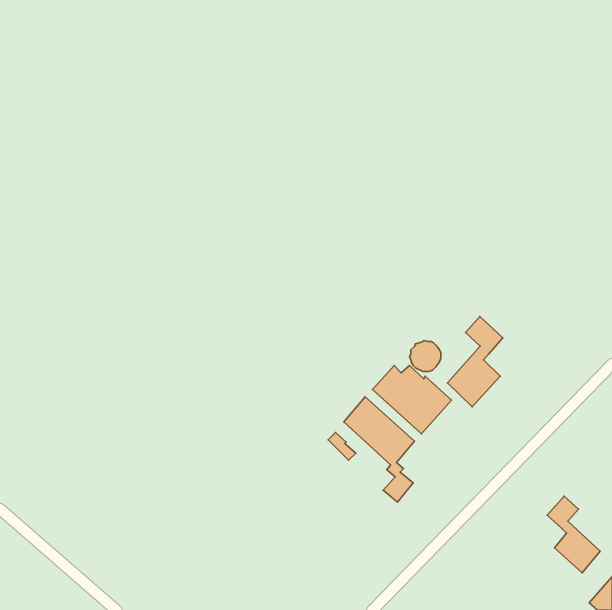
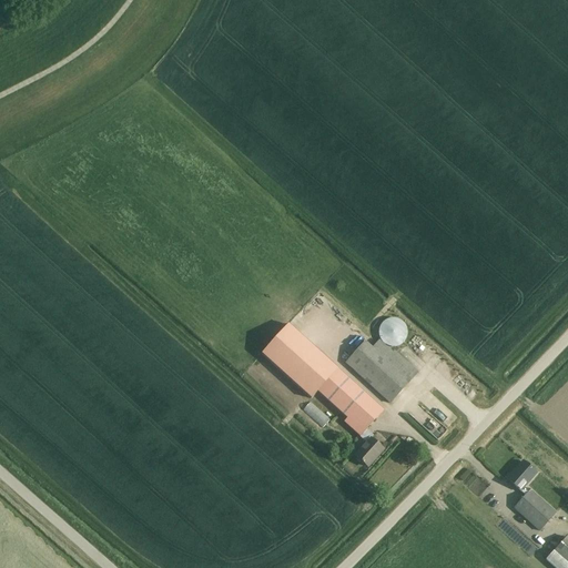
building: [448,316,503,407] -> none
building: none -> [262,323,337,397]

